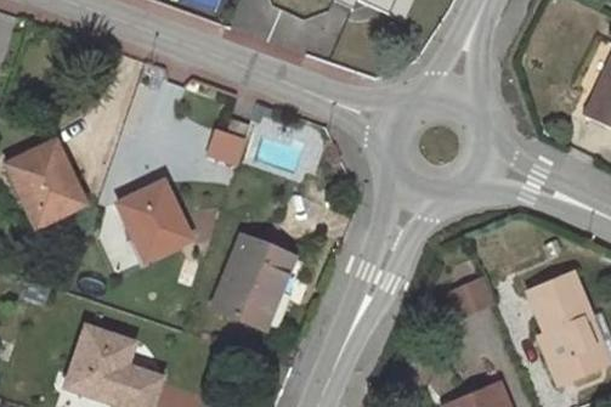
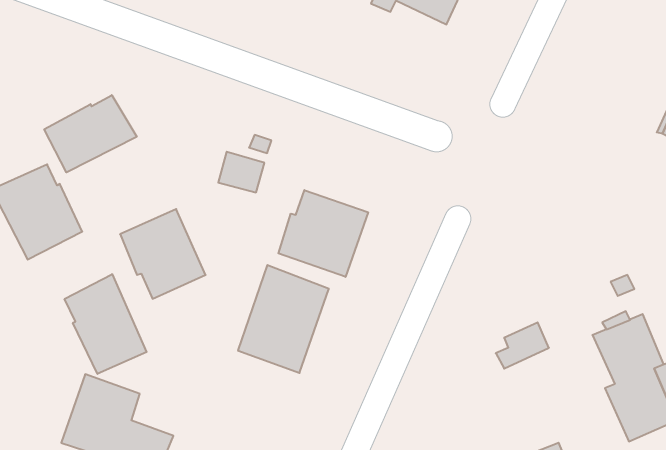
building: none -> [44,95,137,172]
building: none -> [278,190,368,277]
building: none -> [65,274,147,374]

